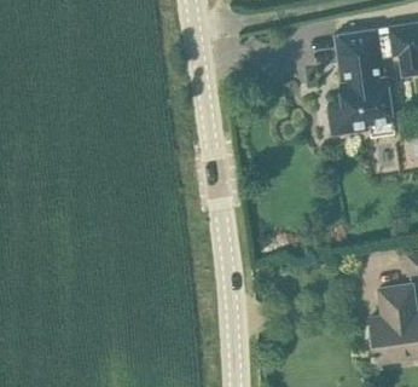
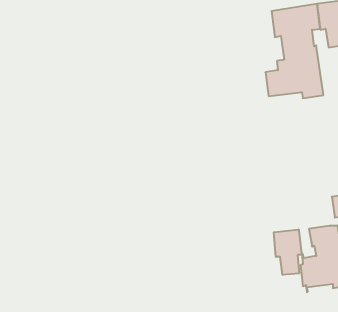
building: none -> [274,229,302,275]

